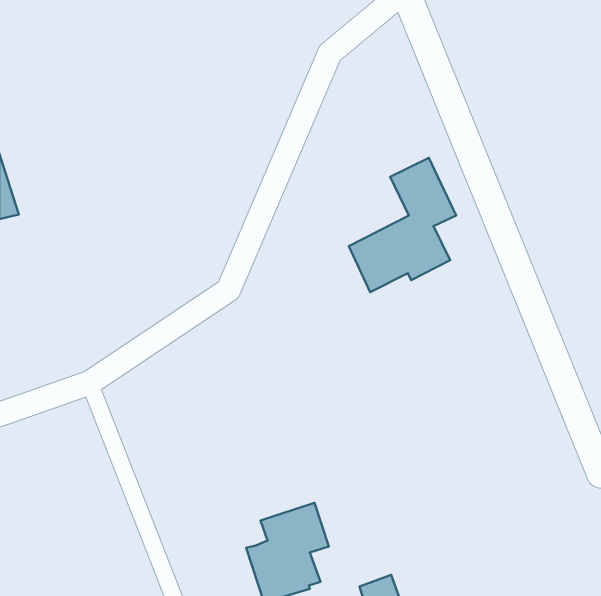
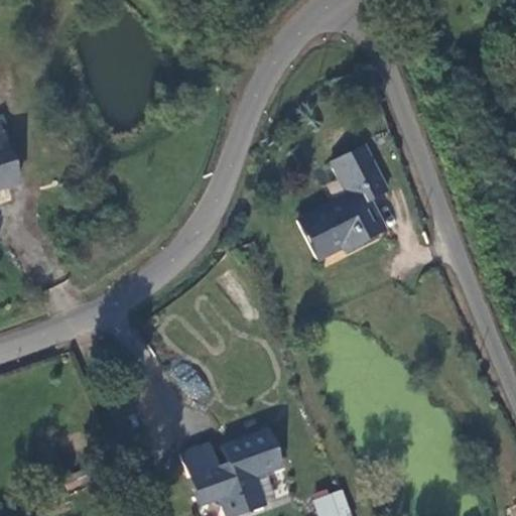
building: none -> [181,447,219,482]

